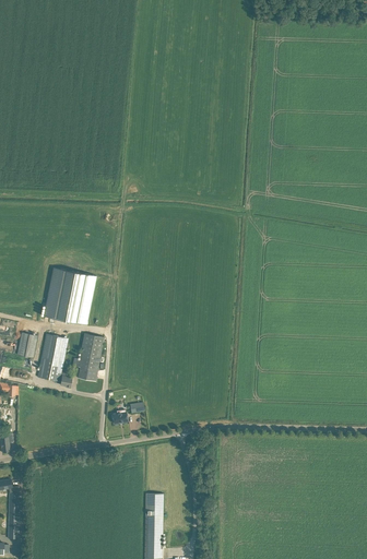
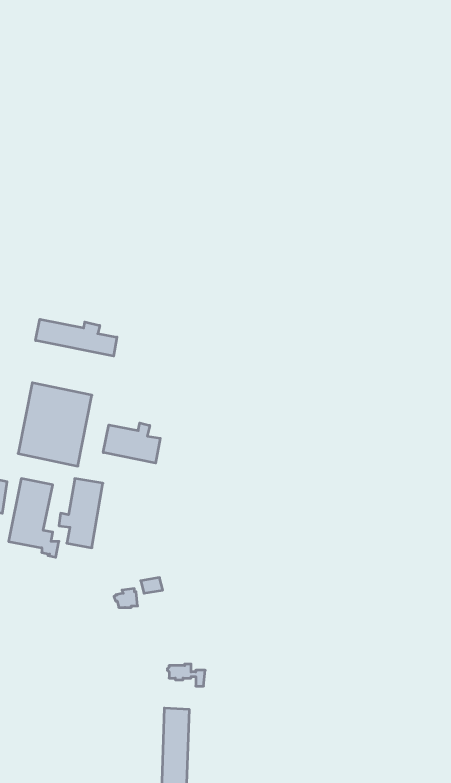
building: none -> [36,319,117,356]
building: none -> [103,423,160,463]

